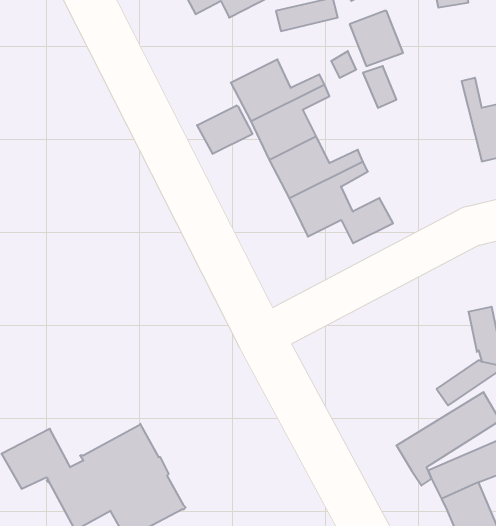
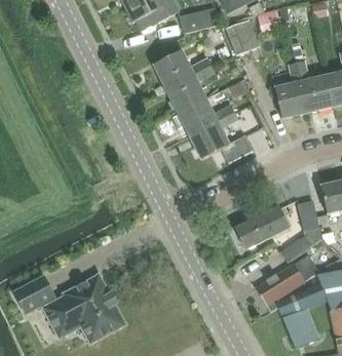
building: none -> [273,63,307,118]
building: [197,105,252,154] -> none
building: none -> [235,206,288,249]

